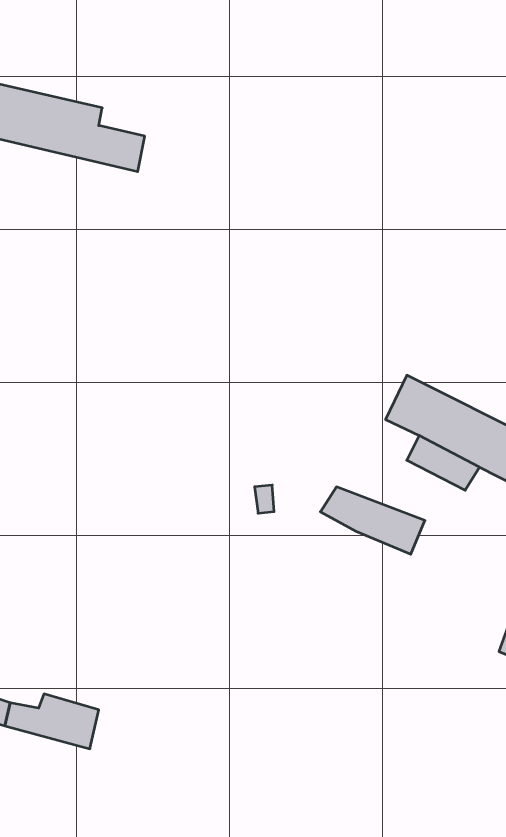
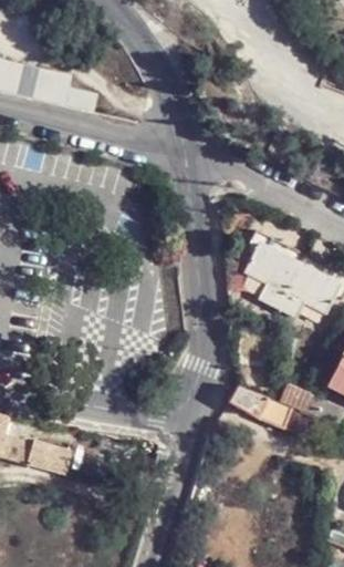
building: [320,487,425,554] -> [228,386,293,429]

